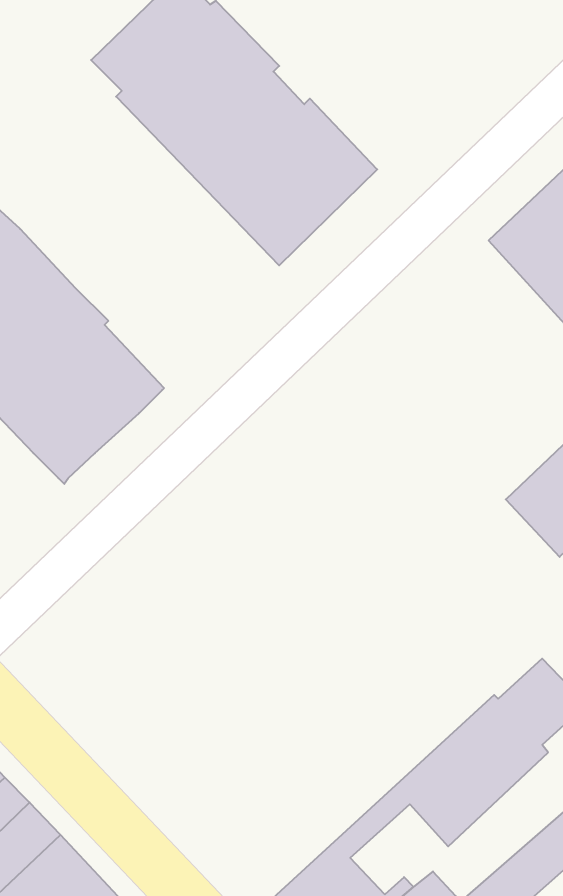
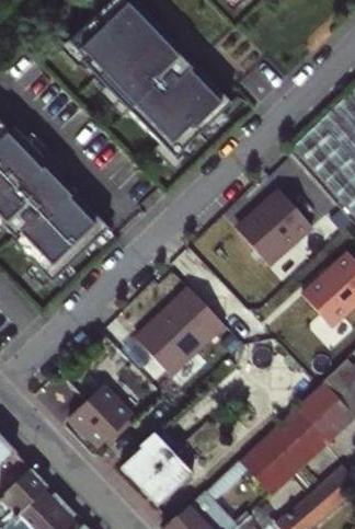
building: none -> [236,187,316,267]
building: none -> [134,285,229,379]
building: none -> [68,383,135,450]
building: none -> [119,434,193,506]

